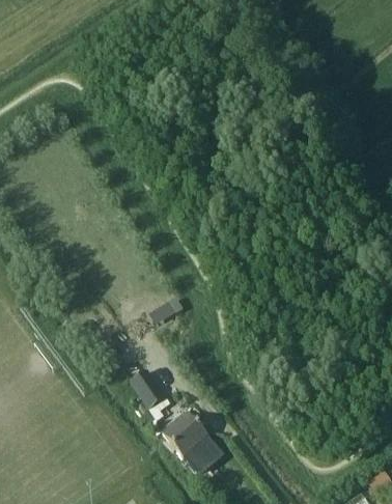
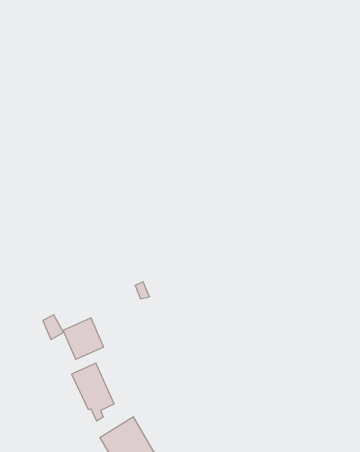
building: none -> [63,318,104,360]

